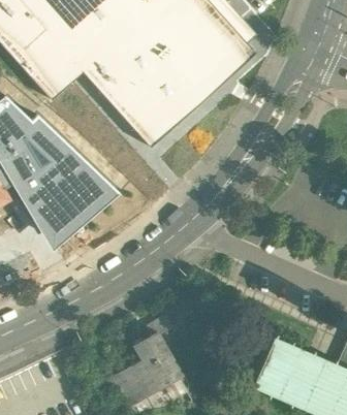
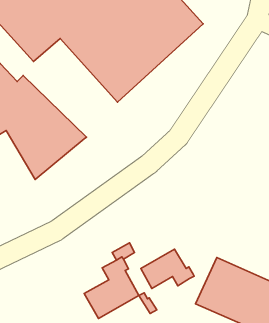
building: none -> [141,249,194,289]

